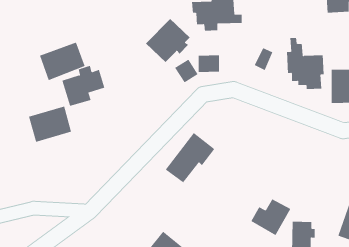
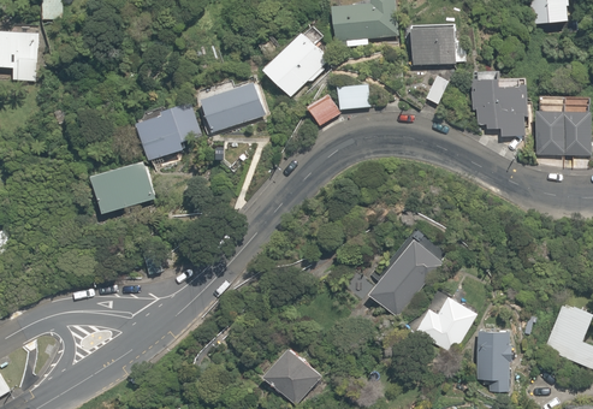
building: none -> [408,18,464,66]
building: [39,42,85,81] -> [197,79,266,137]
building: [165,132,215,183] -> [369,239,444,315]

